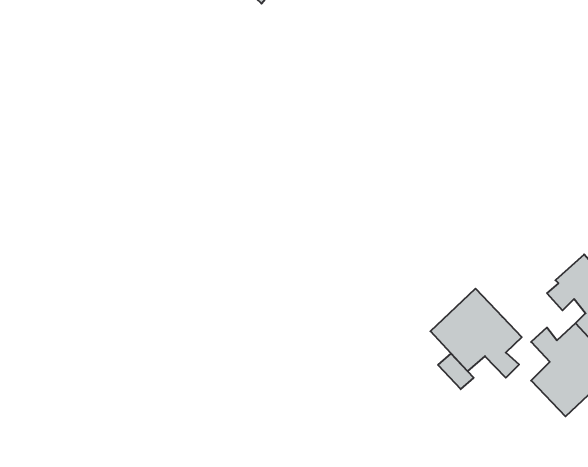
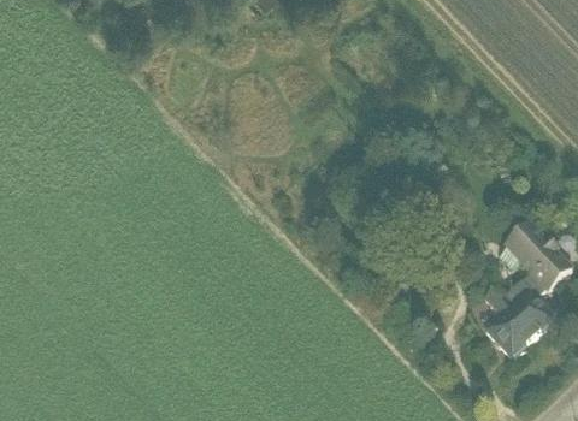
building: [430,289,522,378] -> none

